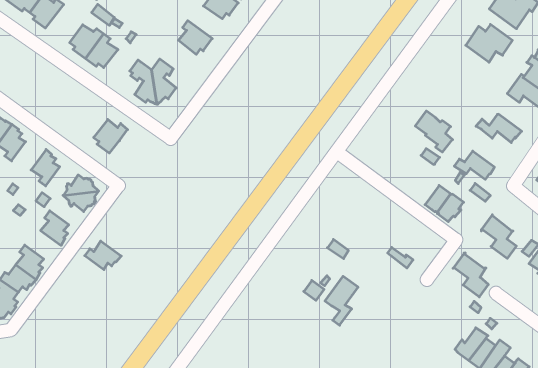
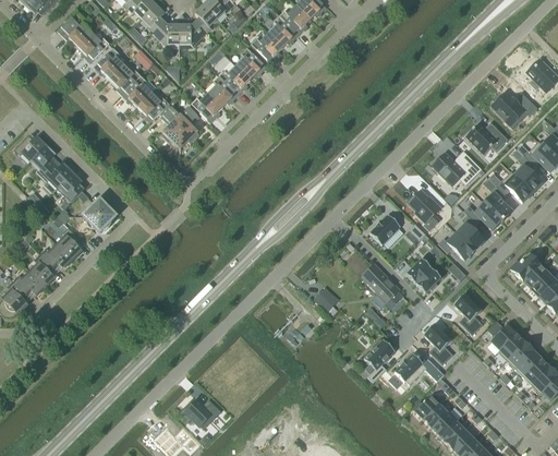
building: none -> [219,64,251,95]
building: none -> [94,47,124,79]
building: none -> [192,92,222,123]
building: none -> [433,151,482,185]
building: none -> [483,185,512,221]
building: [94,119,128,153] -> [137,92,169,122]
building: none -> [457,214,484,250]
building: none -> [41,161,74,192]
building: none -> [369,214,401,244]
building: none -> [362,263,404,303]
building: [85,241,121,270] -> [41,243,74,269]
building: [325,276,358,325] -> [364,338,396,382]
building: none -> [395,353,427,384]

